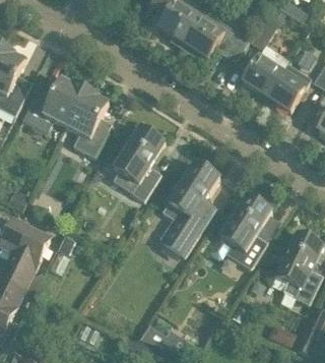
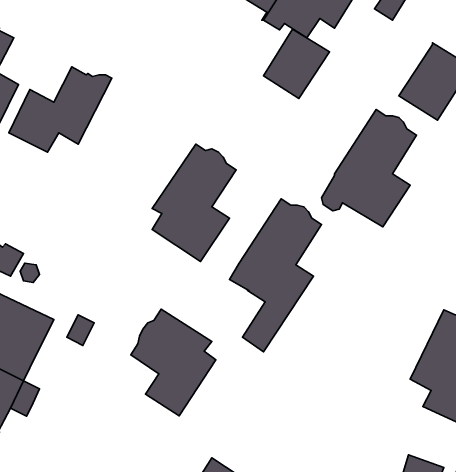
building: [245,52,286,96] -> [263,29,330,98]
building: [65,84,108,156] -> none
building: [211,194,271,268] -> [321,109,417,227]
building: none -> [131,309,216,416]

